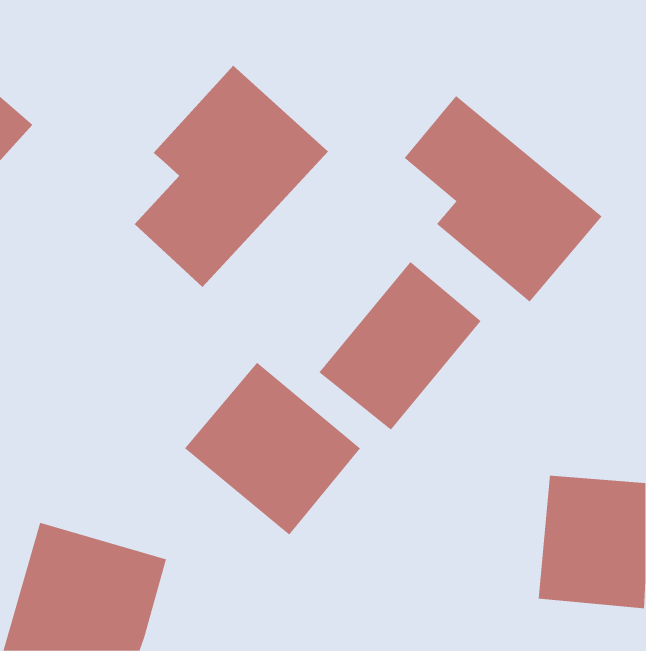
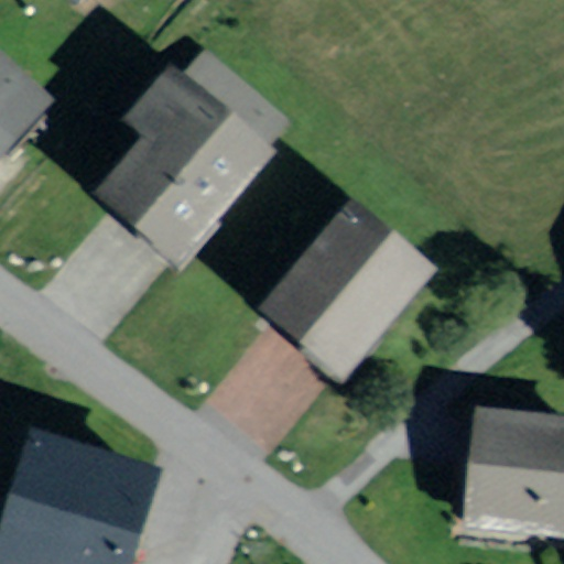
building: [404,95,603,302] -> none
building: [184,362,361,535] -> none

